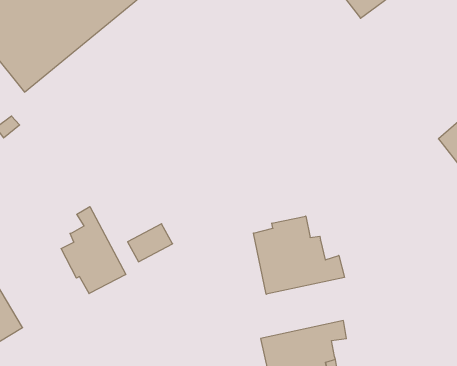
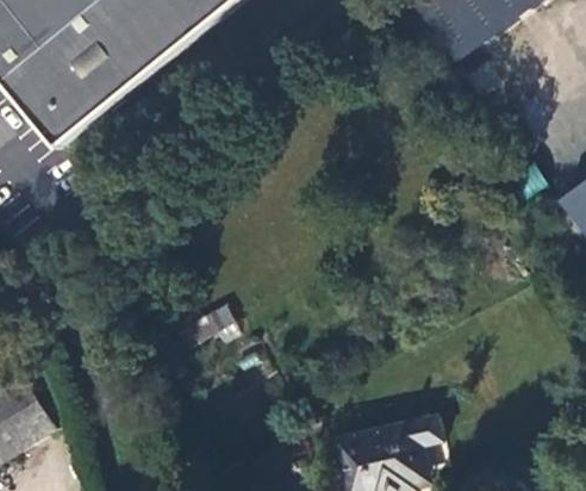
building: [61,207,126,294] -> none
building: [253,216,344,294] -> none

